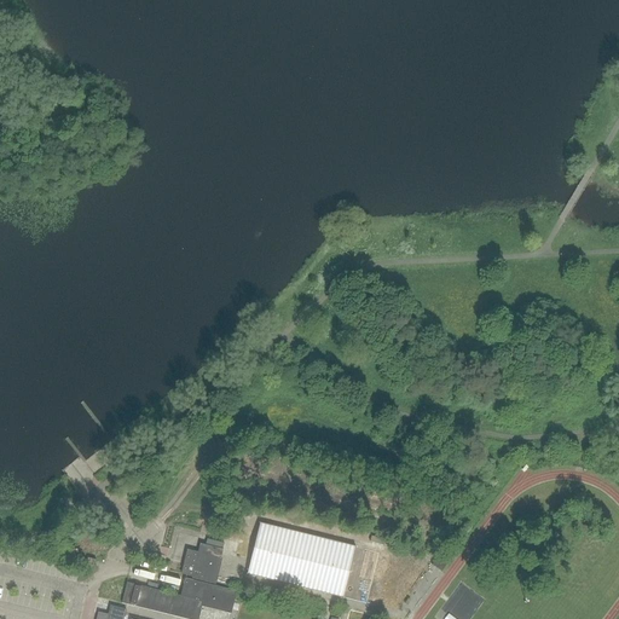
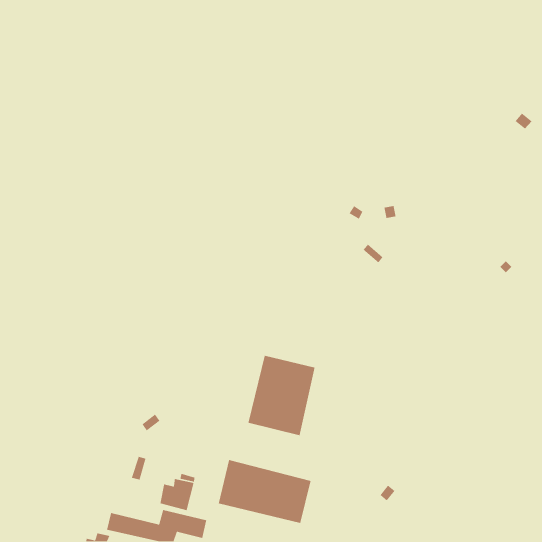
building: none -> [247,355,316,436]

